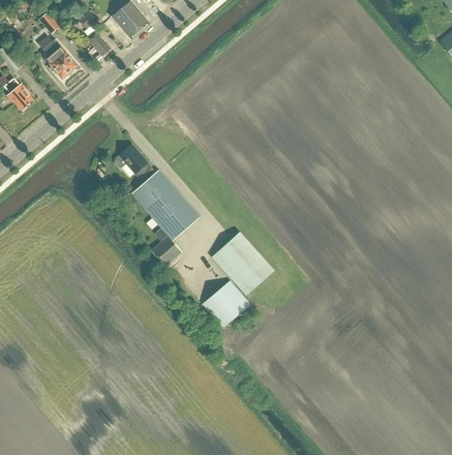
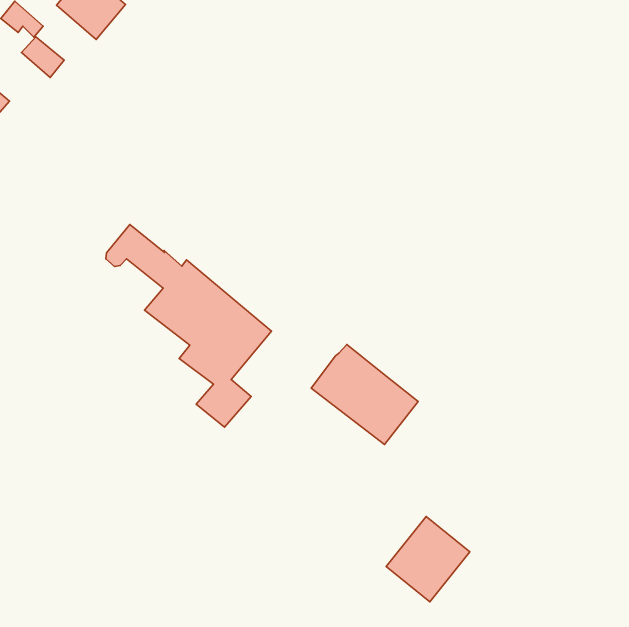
building: [203,280,250,328] -> [386,516,470,602]

